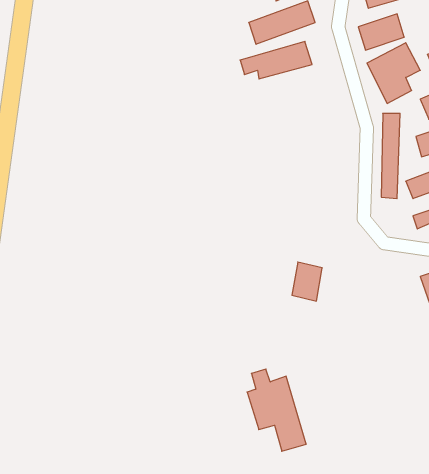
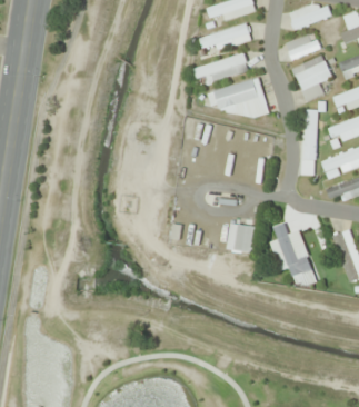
building: none -> [207,79,267,120]
building: [247,369,306,451] -> [270,224,316,287]

